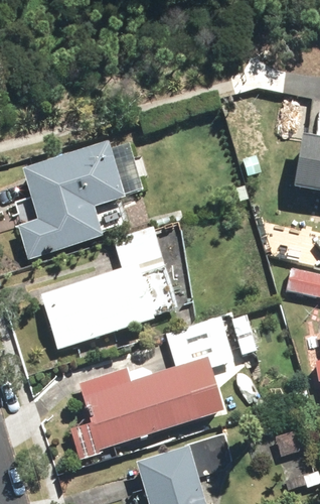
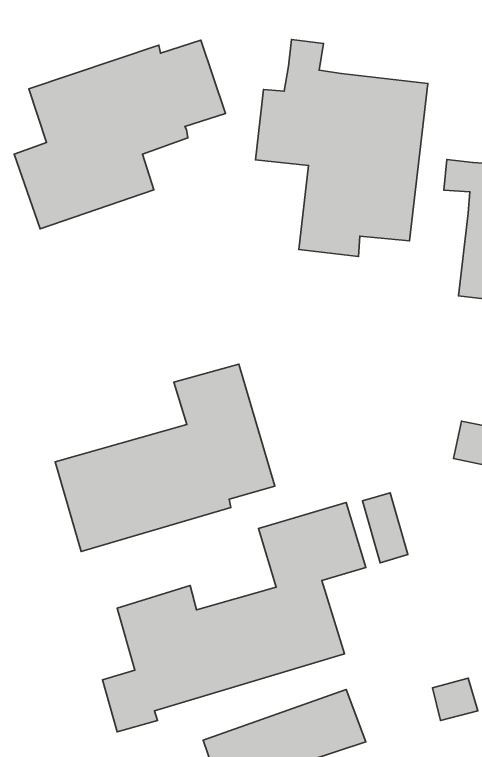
building: none -> [255,39,428,256]
building: [14,140,145,257] -> [14,40,225,229]

